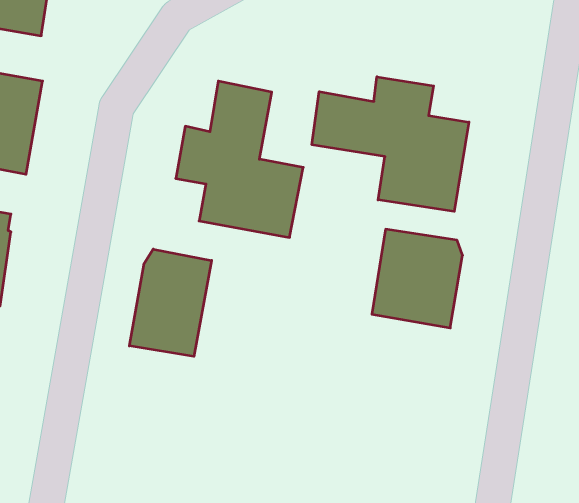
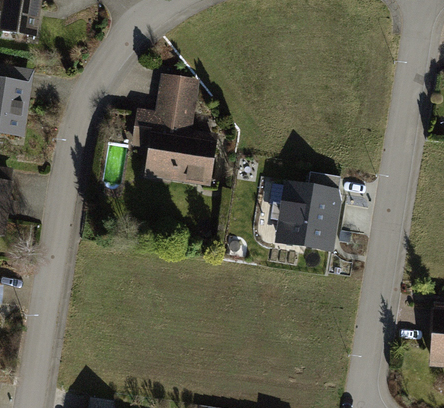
building: [312,77,469,211] -> none
building: [129,249,212,356] -> none

